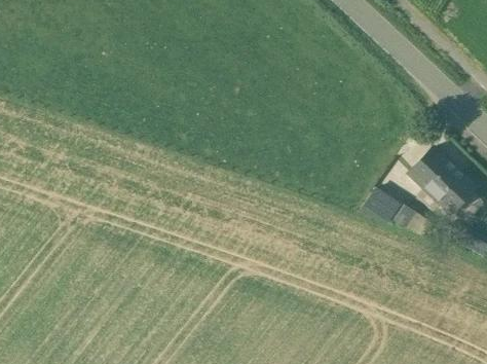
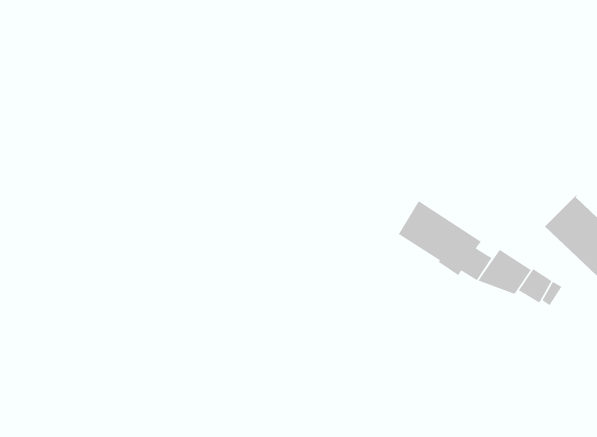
building: none -> [397,200,493,281]

